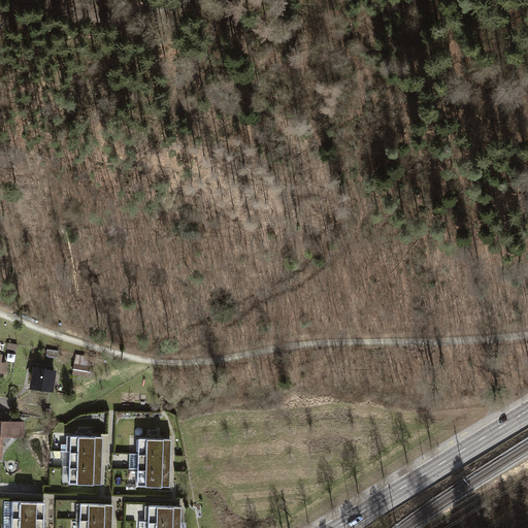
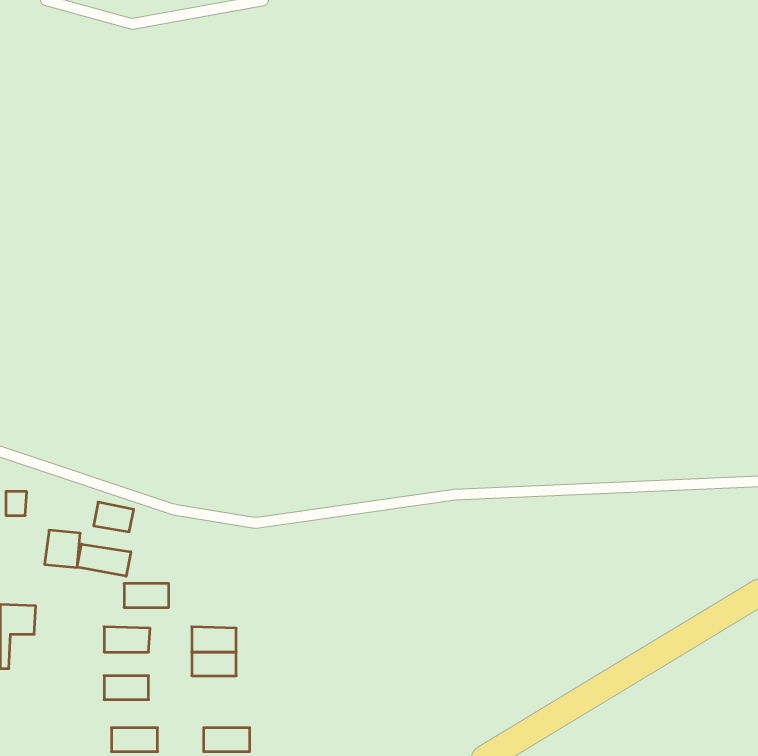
building: none -> [77,544,131,576]
building: [73,455,104,471] -> [124,584,169,607]
building: [134,471,165,488] -> none
building: [13,506,45,523] -> none

